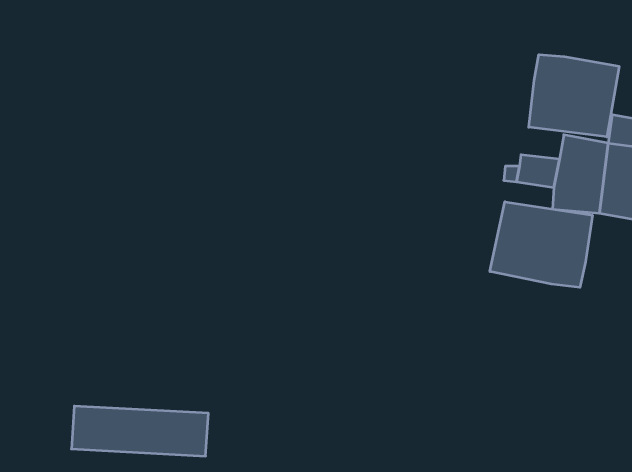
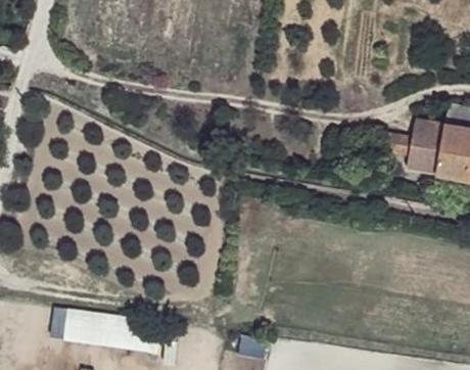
building: [529,55,619,137] -> none
building: [490,202,592,287] -> none

